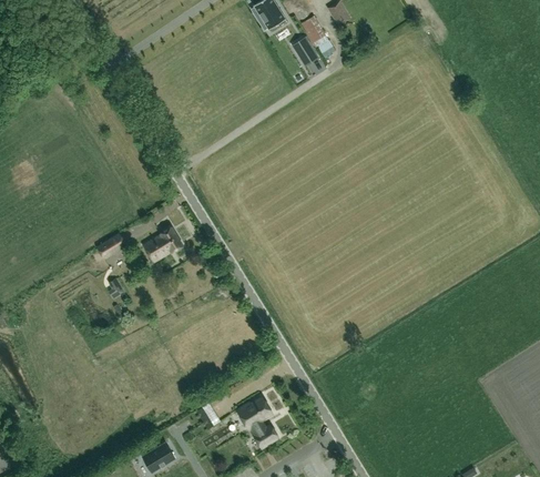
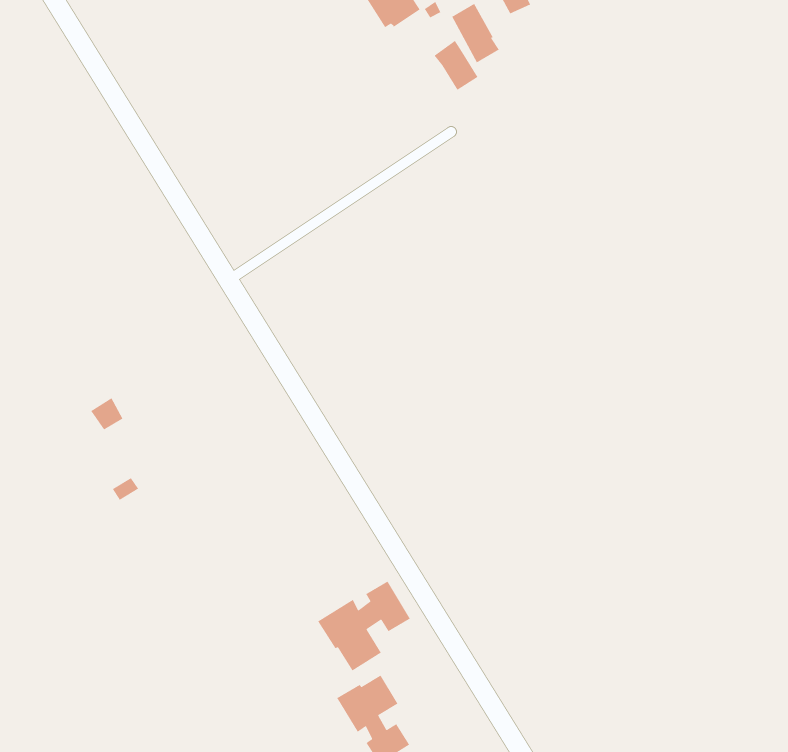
building: [143,227,183,263] -> none
building: none -> [317,581,411,672]

